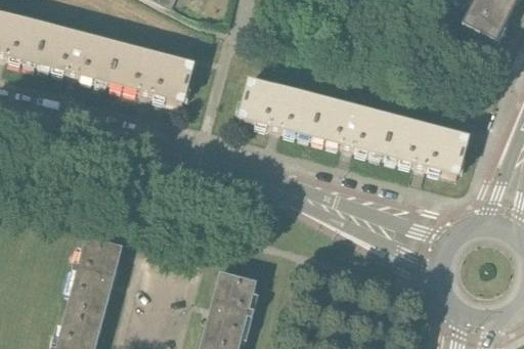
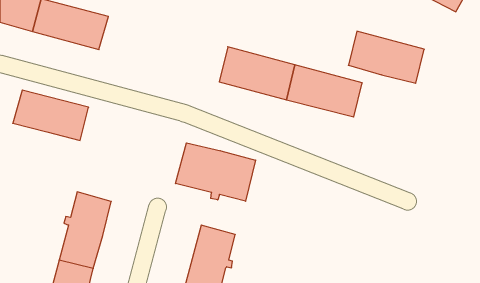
building: [108,47,190,101] -> [13,90,89,140]
building: [384,119,466,175] -> [348,31,424,83]
building: none -> [176,143,256,201]

